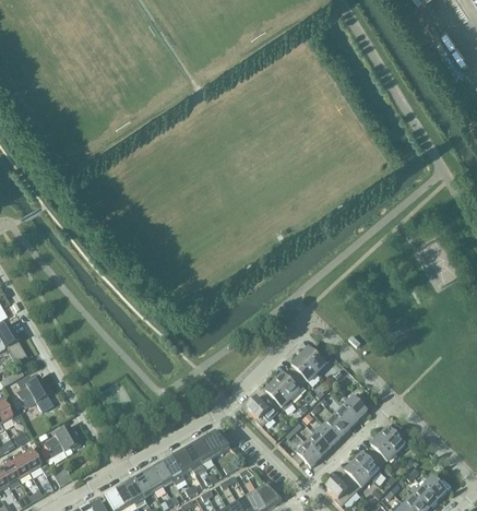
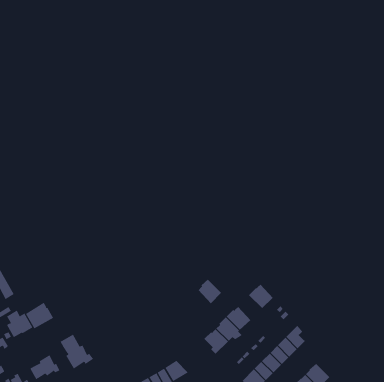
building: [287,356,315,385] -> [198,279,222,304]
building: none -> [25,302,54,329]
building: none -> [60,334,94,370]
building: [379,423,408,452] -> none

